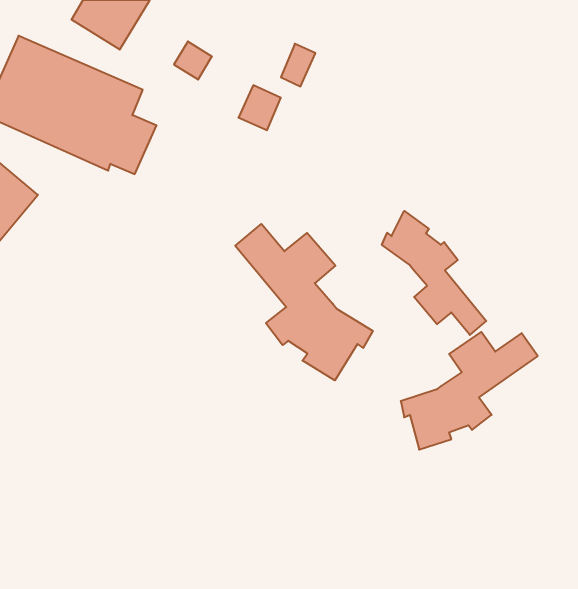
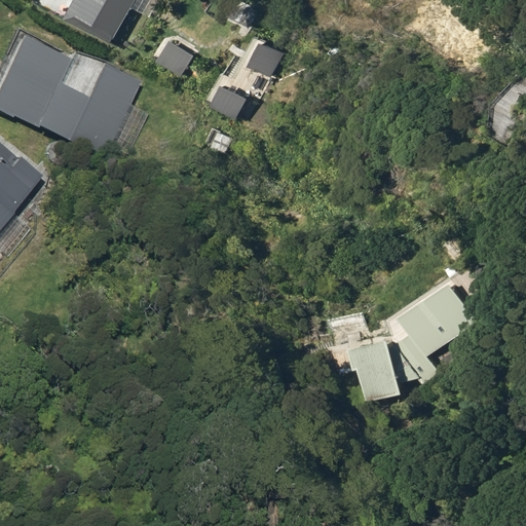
building: [382,211,486,335] -> none
building: [235,224,373,380] -> none

